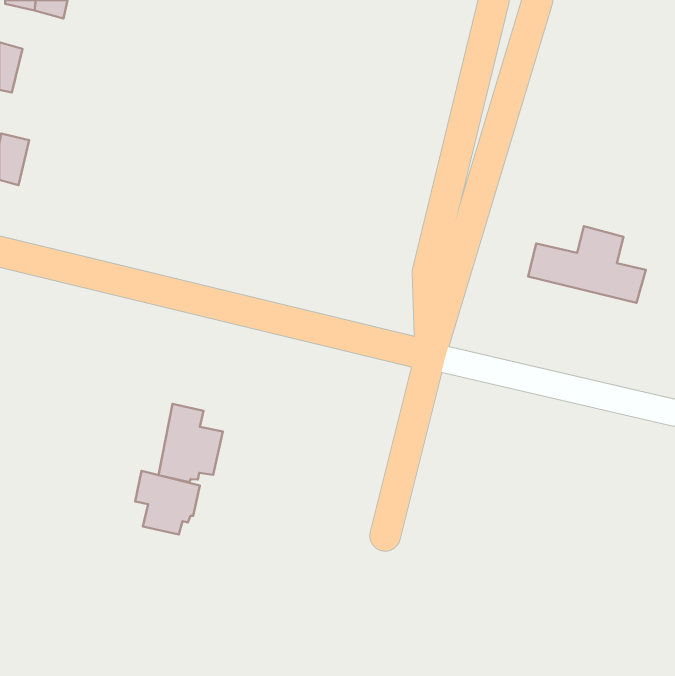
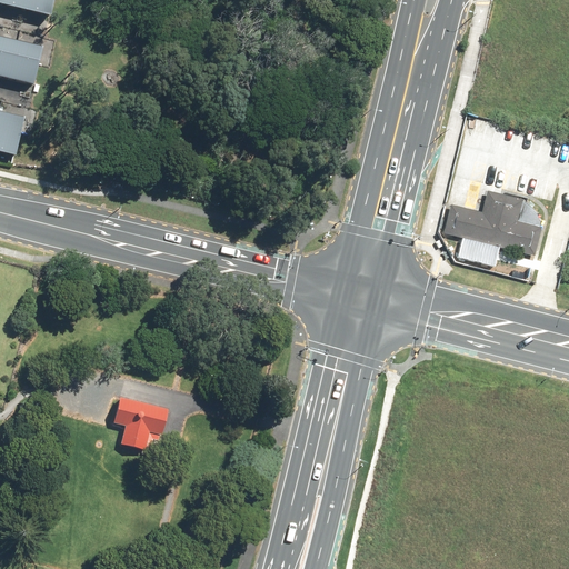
building: none -> [10,41,42,83]
building: [158,404,223,482] -> none

